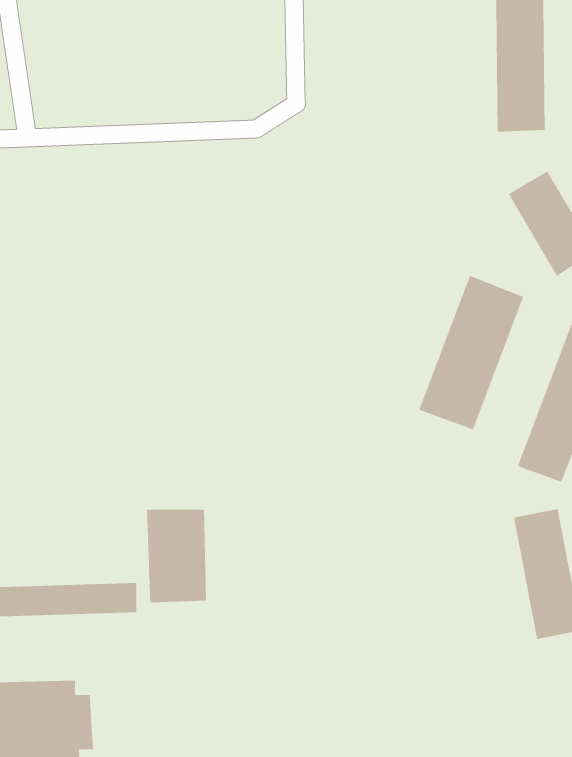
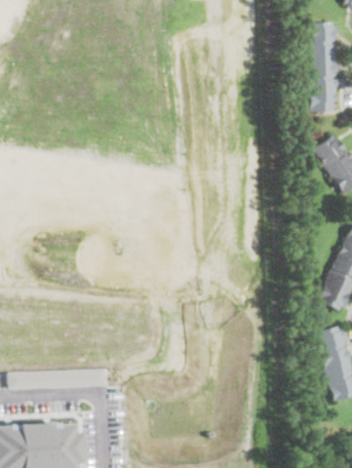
building: [418,275,524,431] -> none
building: [146,509,207,603] -> none

